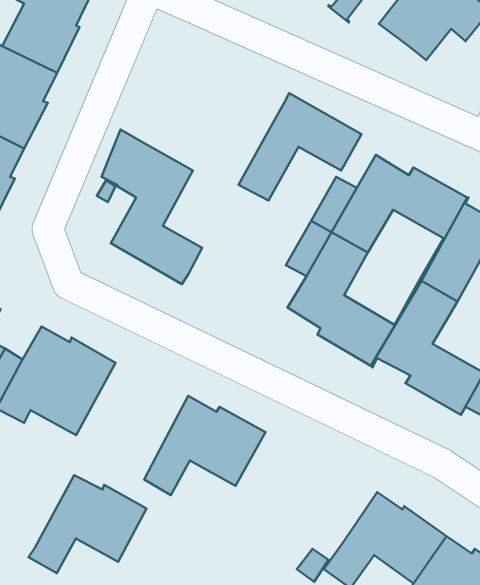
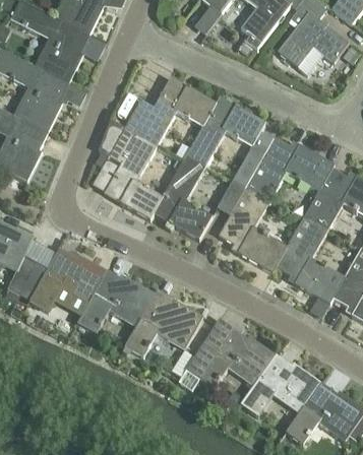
building: none -> [124,76,216,146]
building: none -> [154,155,211,240]
building: none -> [178,319,276,390]
building: [28,475,147,573] -> [77,270,154,333]

